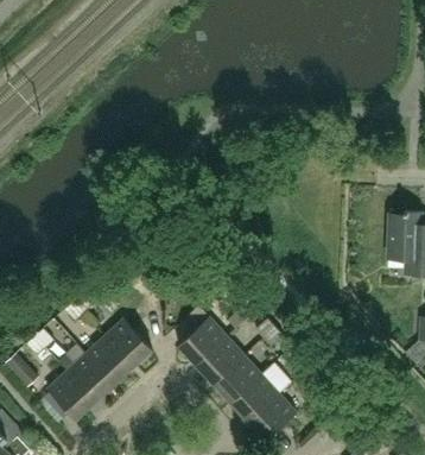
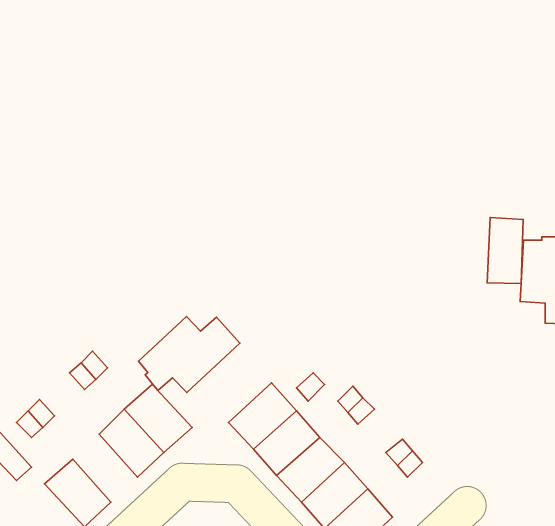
building: none -> [487,218,523,284]
building: none -> [139,317,240,392]
building: [68,353,114,402] -> none

